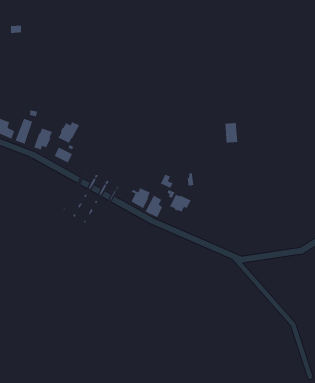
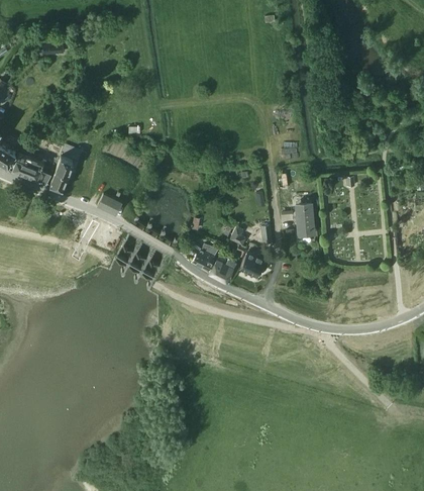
building: [57,121,80,144] -> none
building: [224,122,238,143] -> [296,207,313,233]
building: [33,128,53,150] -> none

